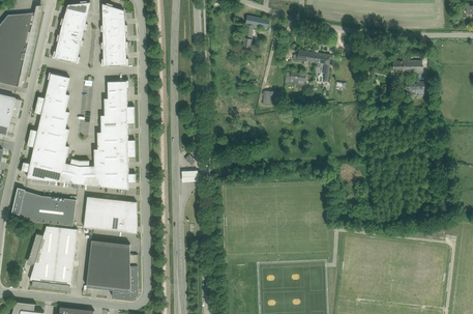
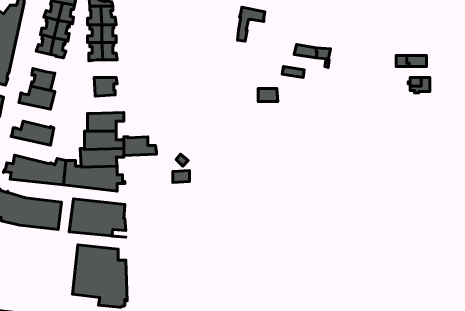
building: [104,97,135,115] -> [124,137,157,155]
building: [34,105,68,129] -> none
building: [26,137,68,163] -> none
building: [28,225,78,291] -> none

